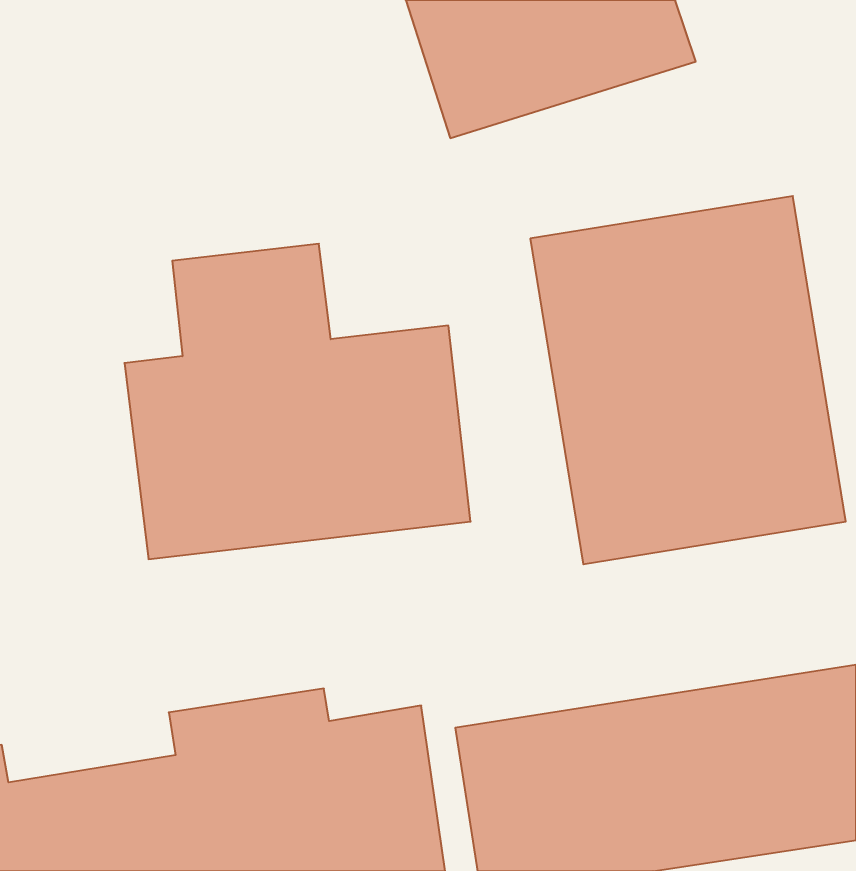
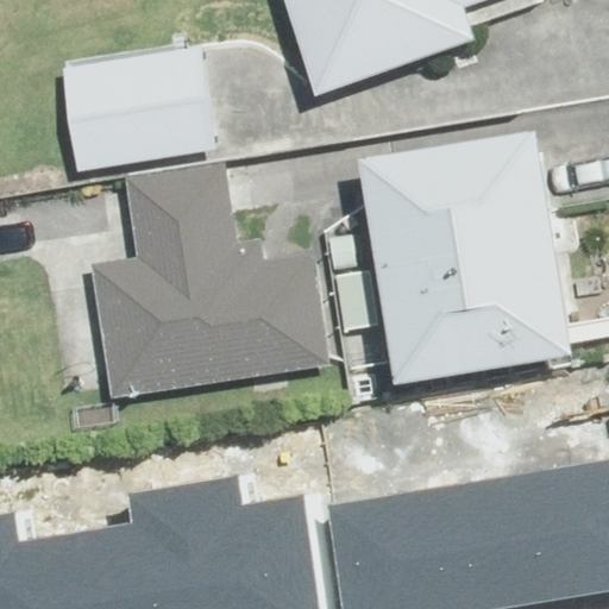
building: none -> [50,33,224,165]

